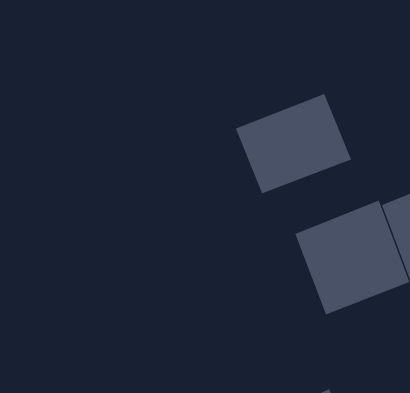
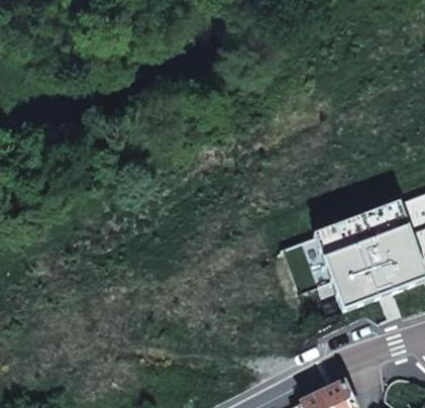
building: [235,93,352,194] -> none

